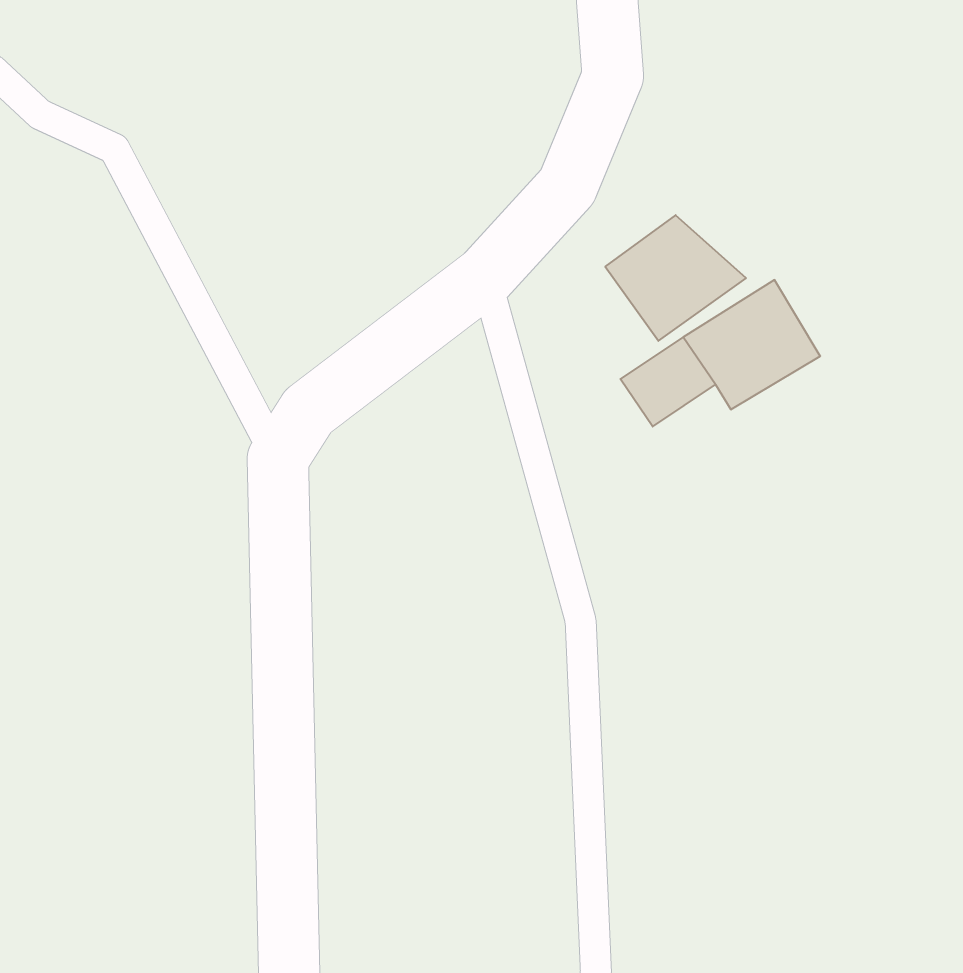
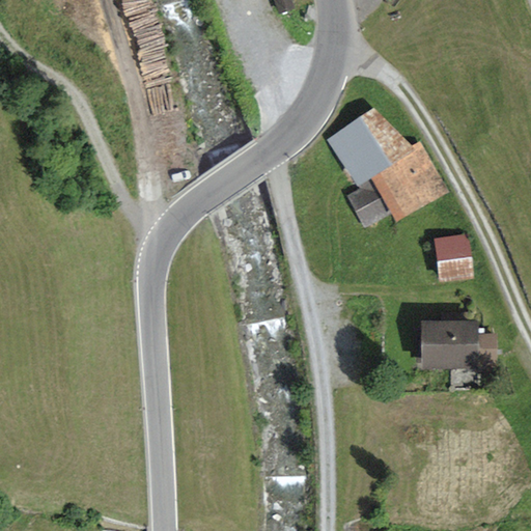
building: none -> [434,237,471,277]
building: none -> [421,317,483,366]

